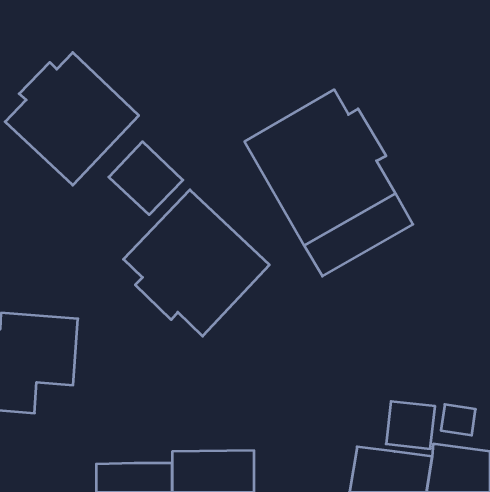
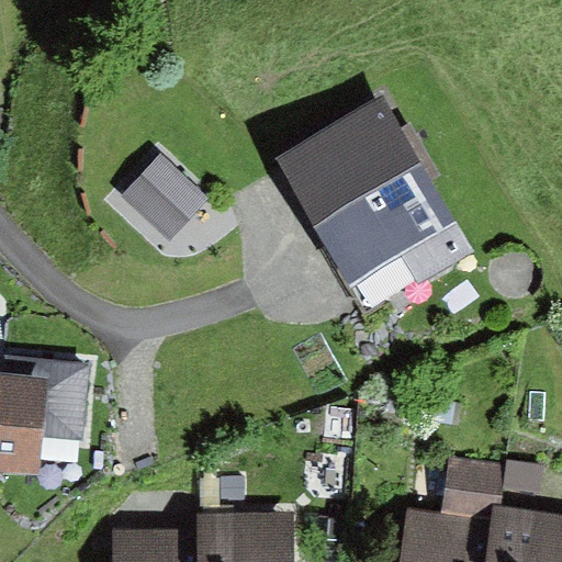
building: [5,52,139,185] -> none
building: [123,190,269,336] -> none

